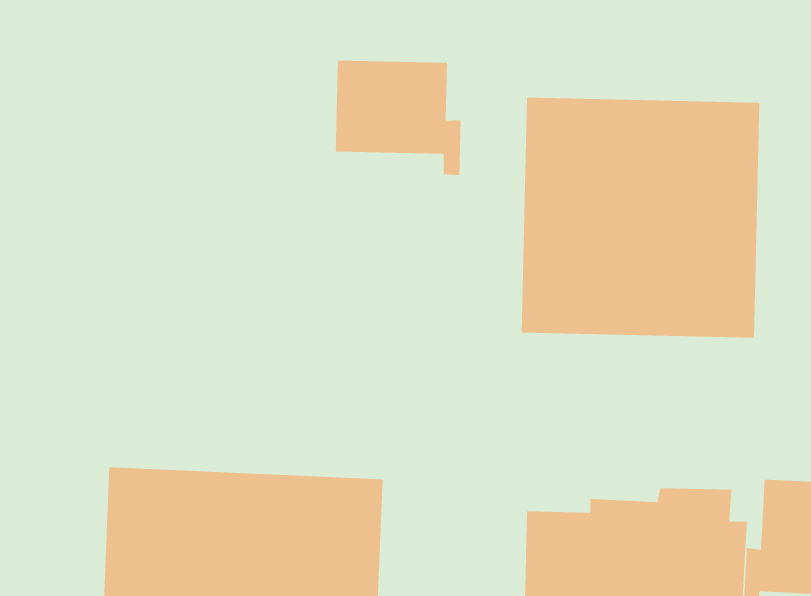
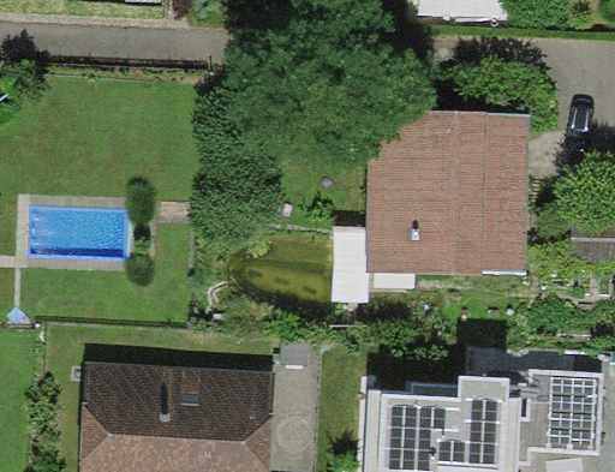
building: [335,60,461,176] -> none

